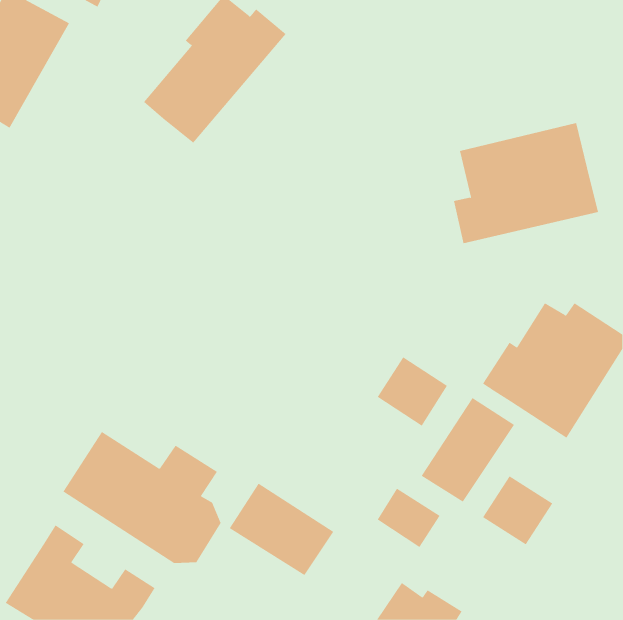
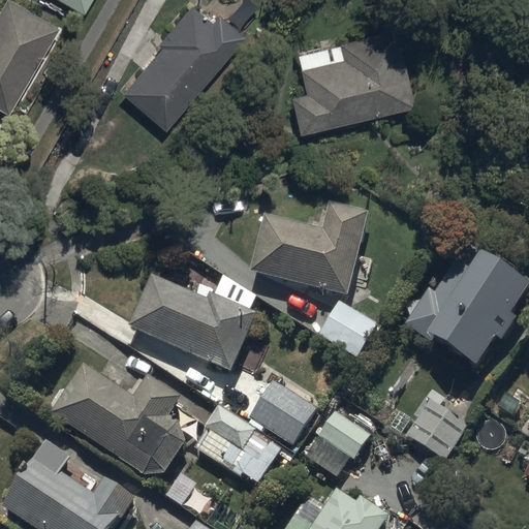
building: [453,123,599,244] -> [290,24,413,126]
building: none -> [252,201,369,293]
building: none -> [129,277,258,372]
building: [421,397,515,502] -> none
building: none -> [249,380,318,447]

